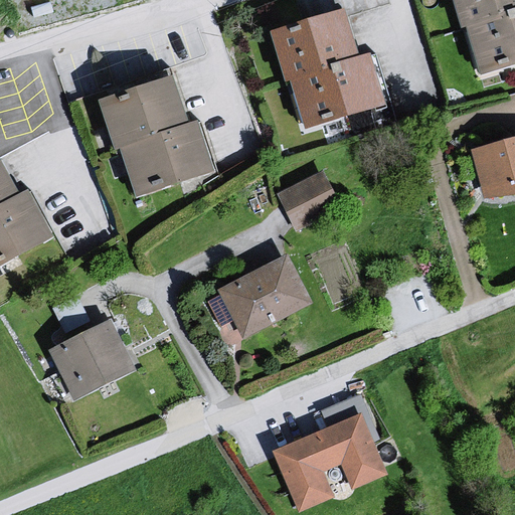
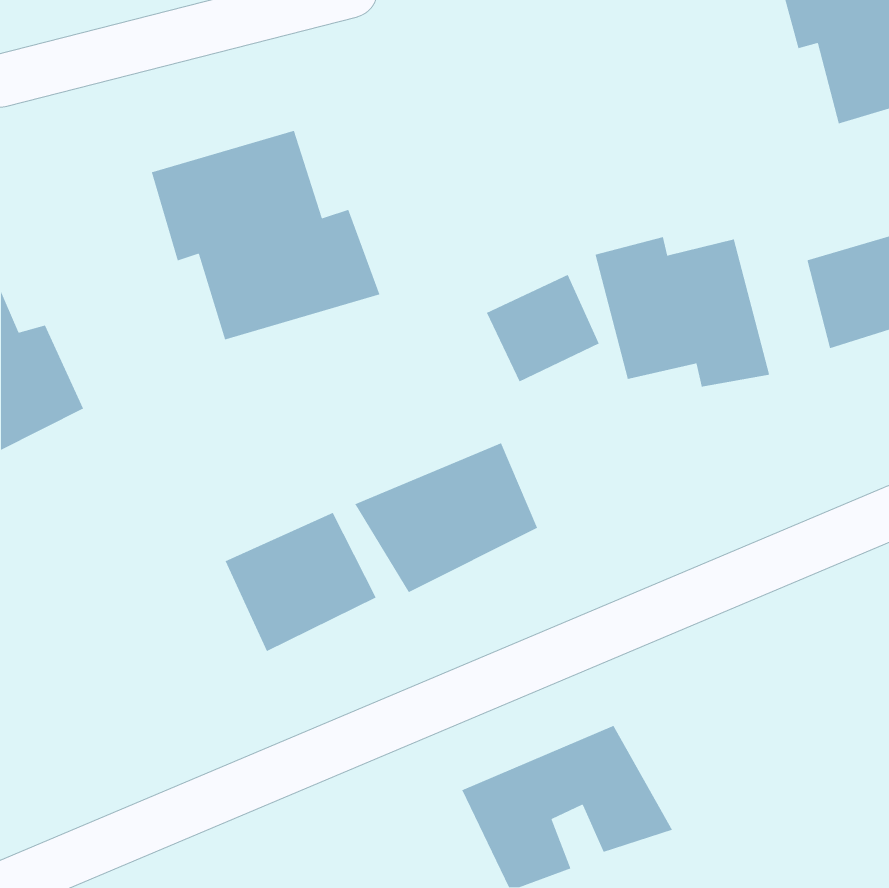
building: [266,10,394,130] -> none
building: none -> [595,236,770,388]
building: [47,320,135,400] -> [224,512,377,652]

